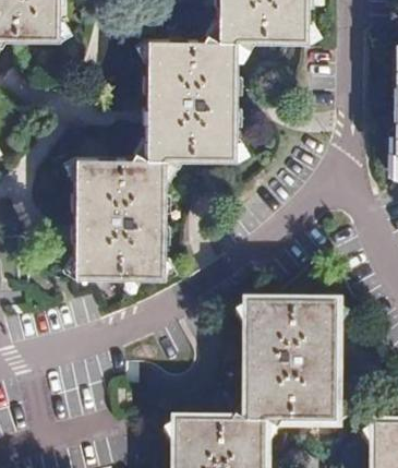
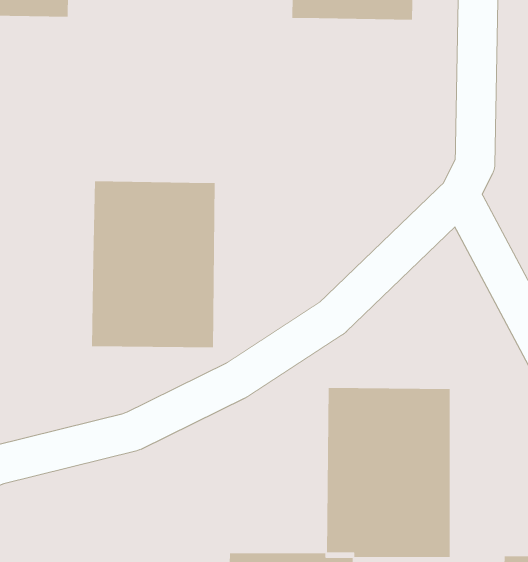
building: [146,39,239,159] -> none

